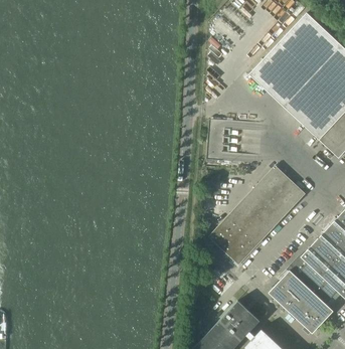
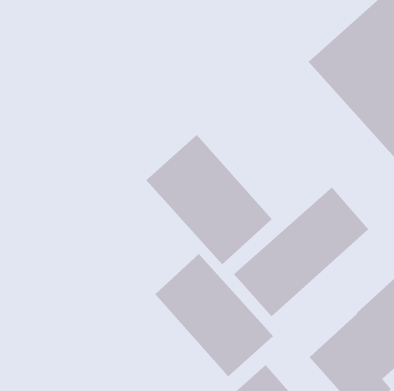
building: none -> [145,134,272,265]
building: none -> [154,253,274,377]

